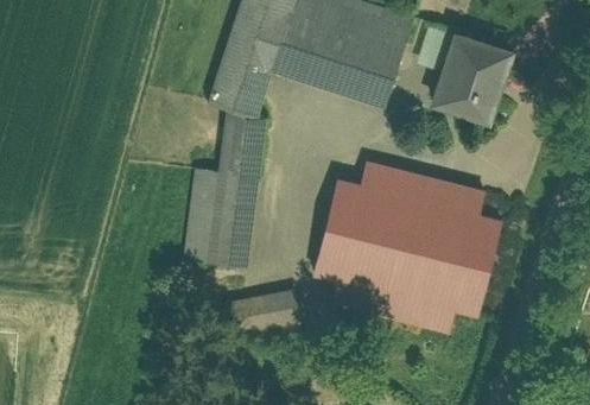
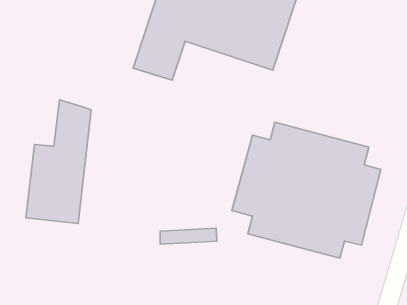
building: [442,39,528,131] -> none
building: [178,105,261,262] -> [26,100,91,223]

